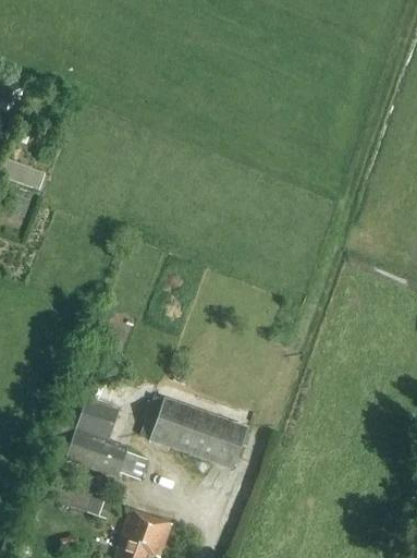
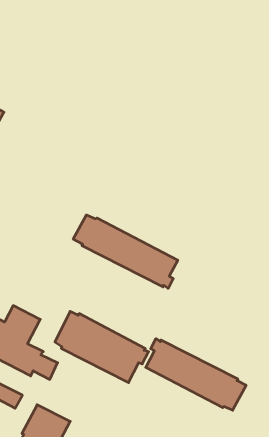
building: none -> [73,215,178,288]
building: none -> [146,339,246,410]

